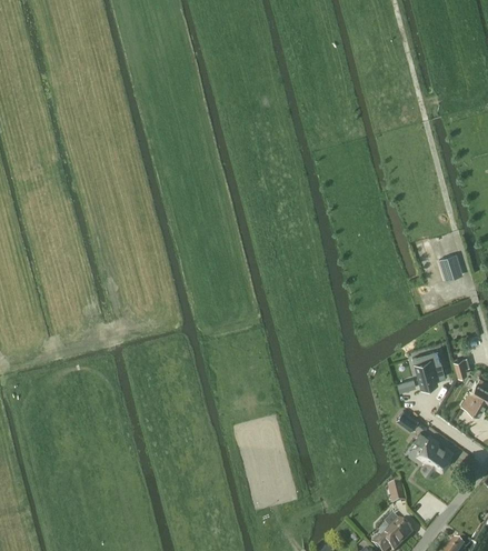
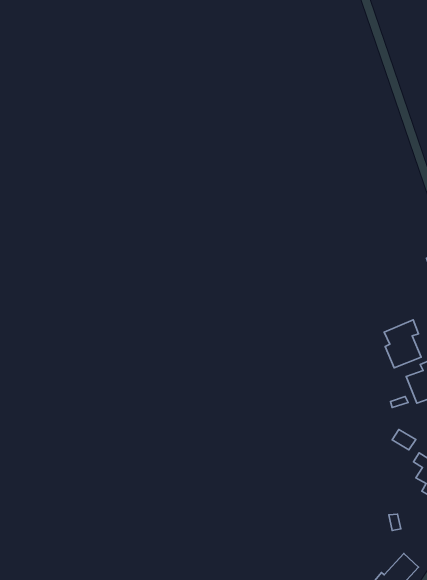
building: none -> [384,320,421,368]

